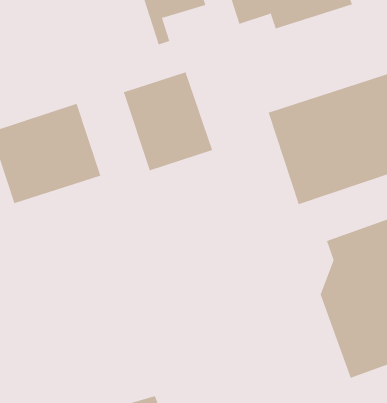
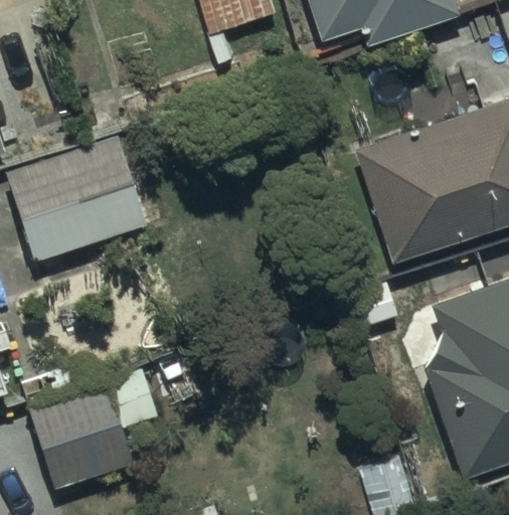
building: [123,71,213,171] -> none
building: none -> [26,381,132,488]

